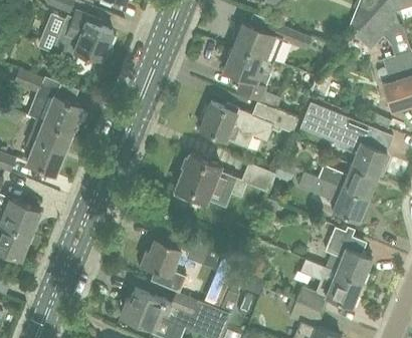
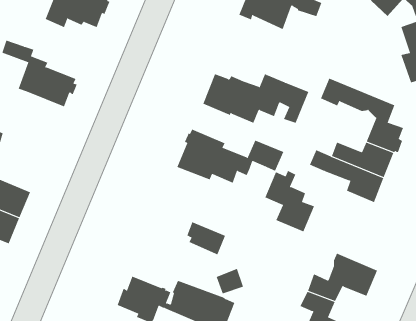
building: [224,48,281,110] -> none
building: [27,119,72,175] -> none
building: [324,227,372,284] -> [262,170,315,232]
building: [140,238,187,293] -> none

